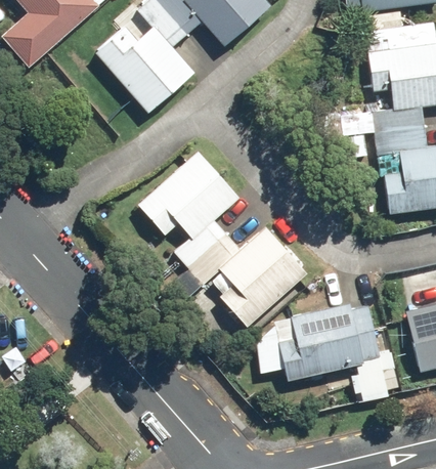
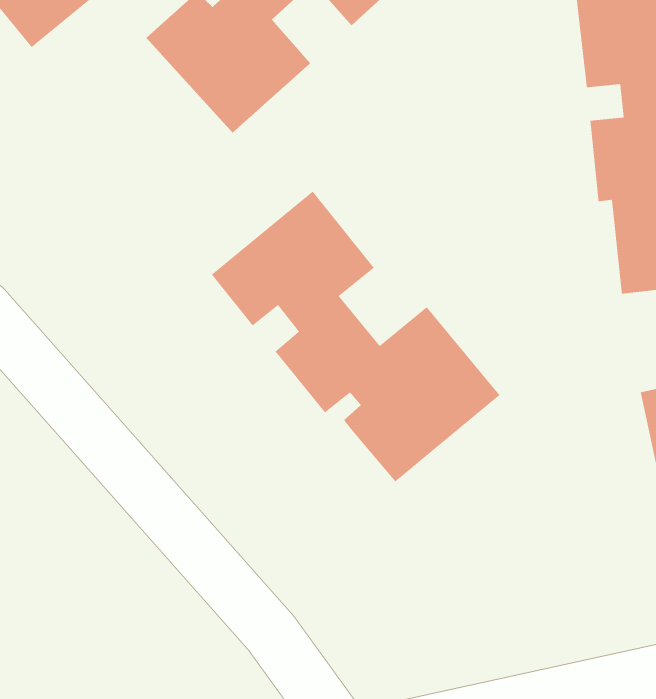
building: [273,303,401,392] -> none

